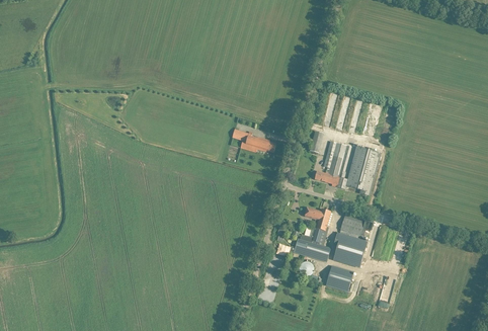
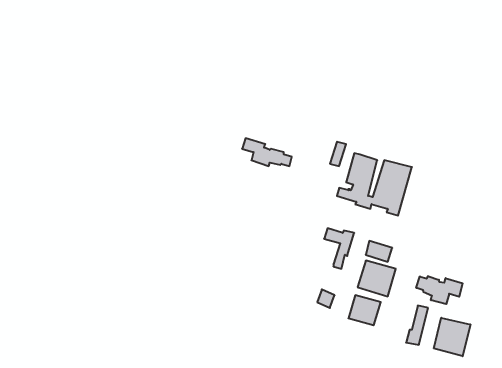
building: [294,235,330,261] -> none
building: none -> [416,276,463,304]
building: none -> [434,318,470,356]

